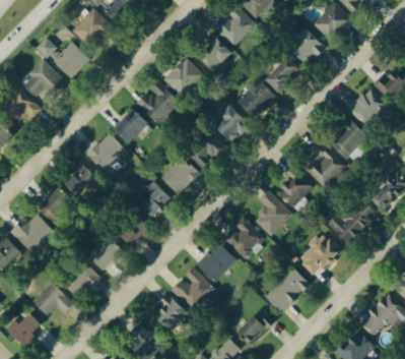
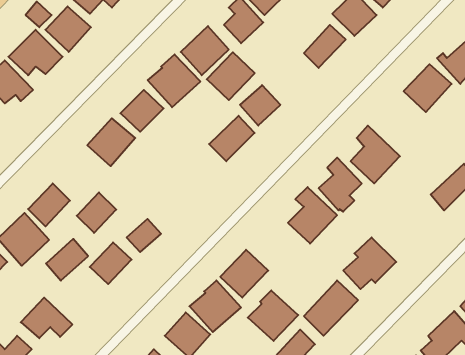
building: [237,79,276,119] -> [207,52,255,100]
building: [327,119,367,159] -> none
building: [159,157,198,194] -> none
building: [63,163,95,196] -> [77,192,116,233]
building: [139,179,173,220] -> none
building: [324,200,376,243] -> none
building: [222,217,264,258] -> [248,290,298,341]
building: [63,263,97,298] -> [46,239,88,281]

